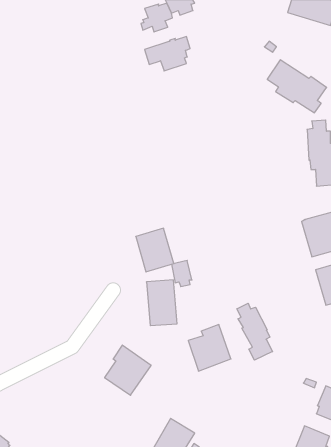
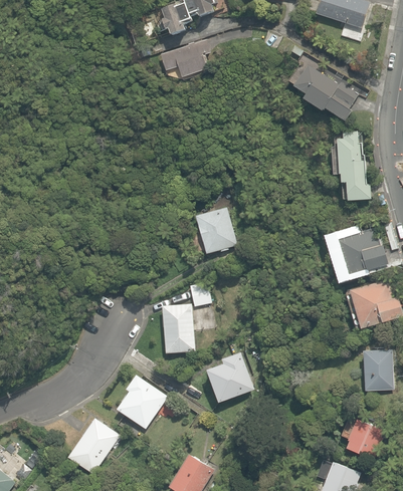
building: [136,228,174,272] -> [195,208,236,255]
building: [237,303,273,360] -> none
building: none -> [67,418,120,473]

